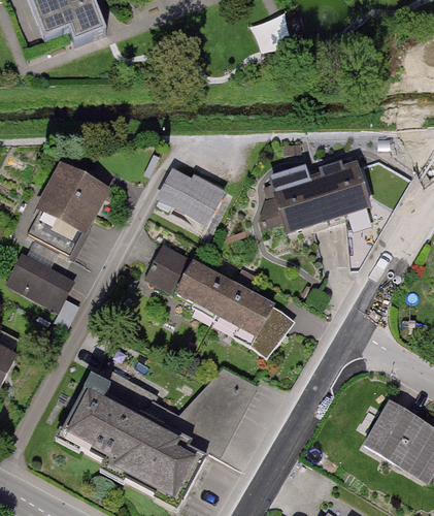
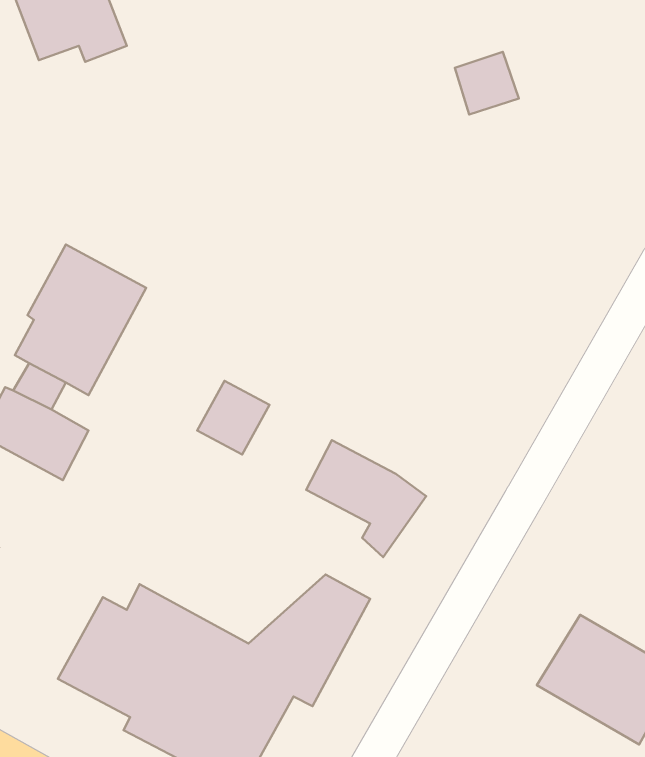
building: [255,11,296,52] -> [455,52,519,114]
building: [258,158,372,232] -> none
building: [156,165,226,224] -> none
building: [173,263,231,318] -> none

